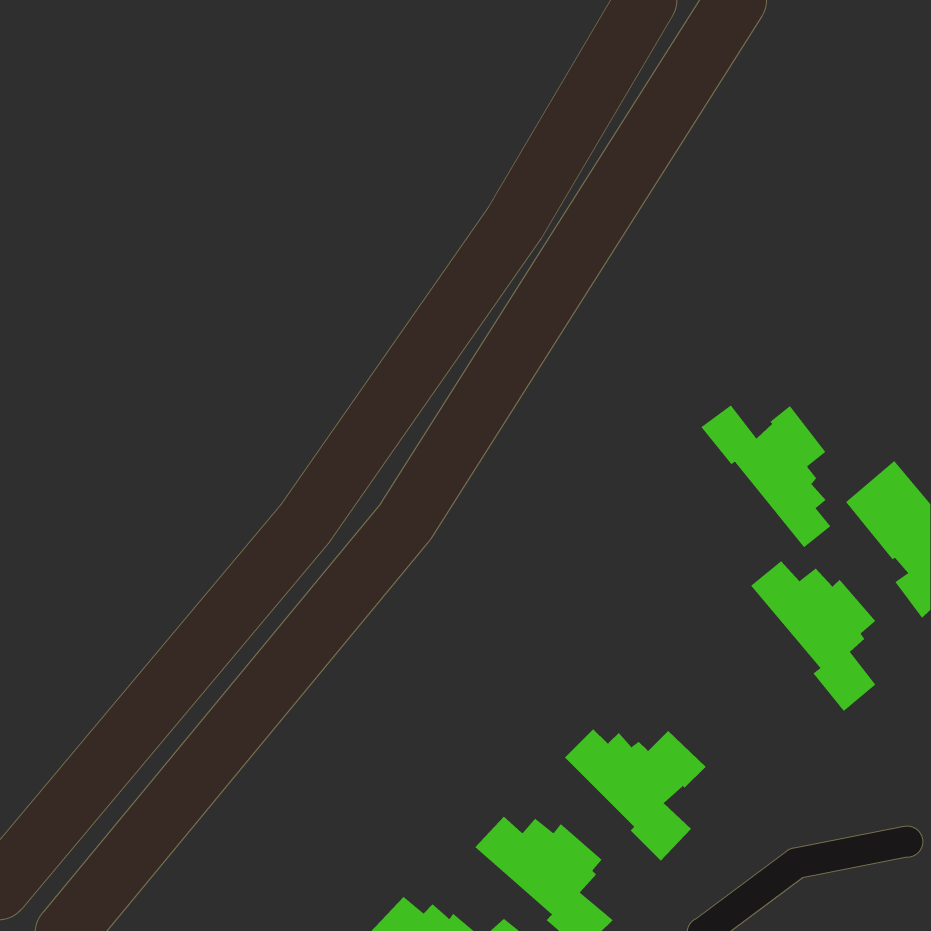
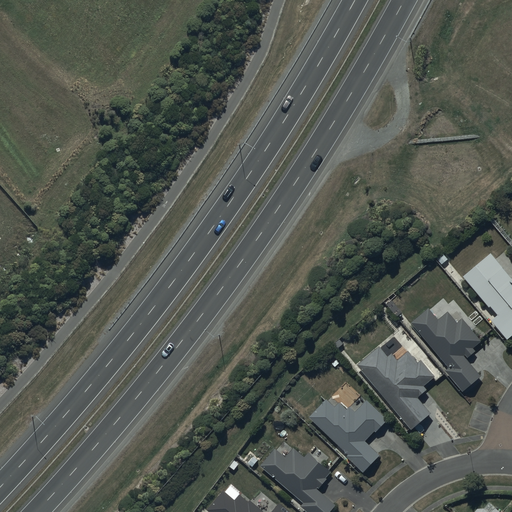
building: [701,404,831,548] -> none
building: none -> [355,346,434,429]

